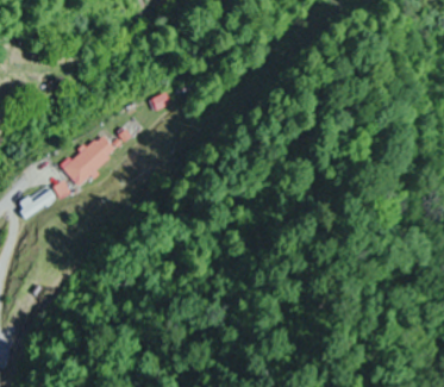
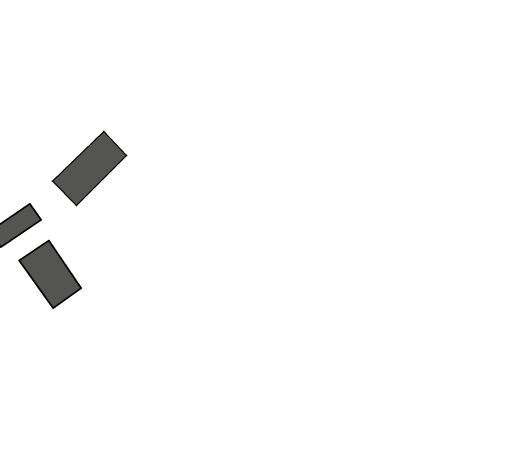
building: none -> [19,240,81,308]

